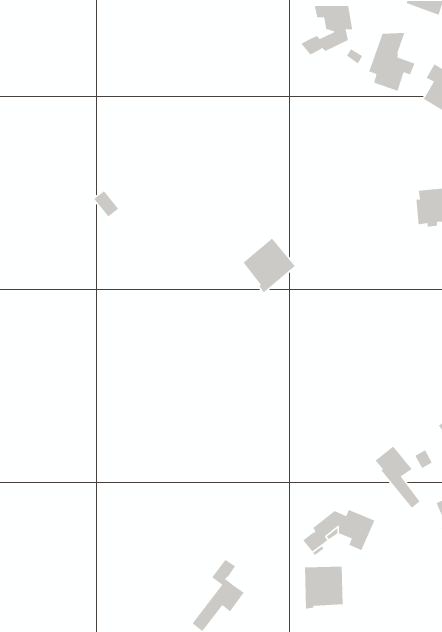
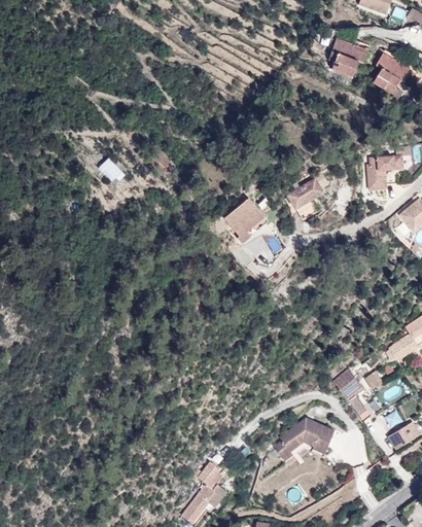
building: [300,5,353,55] -> none
building: none -> [286,178,322,220]
building: [304,566,343,609] -> none

